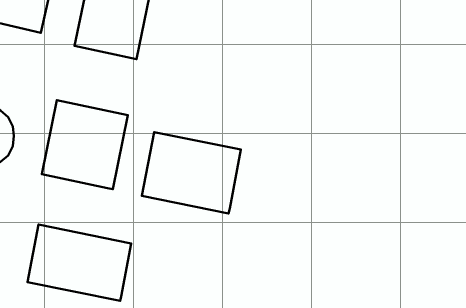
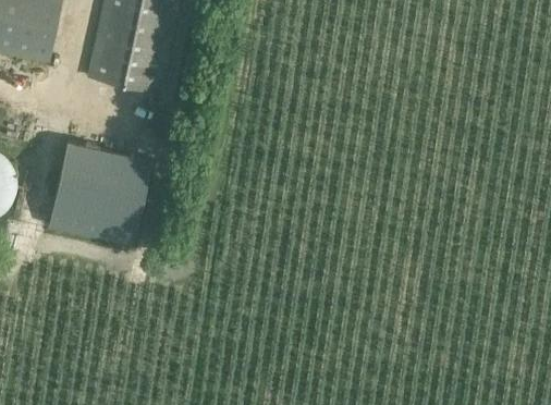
building: [142,132,241,213] -> none
building: [27,225,131,301] -> none

